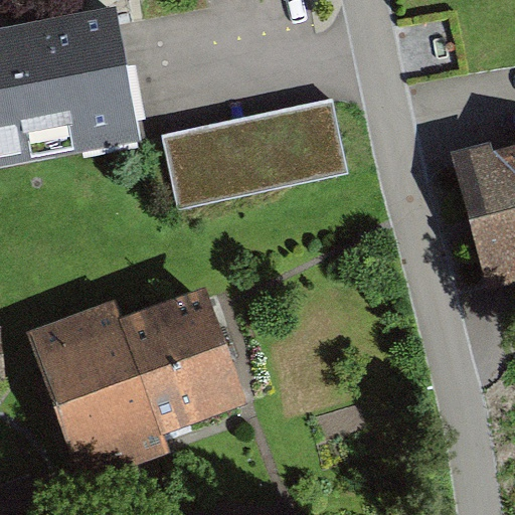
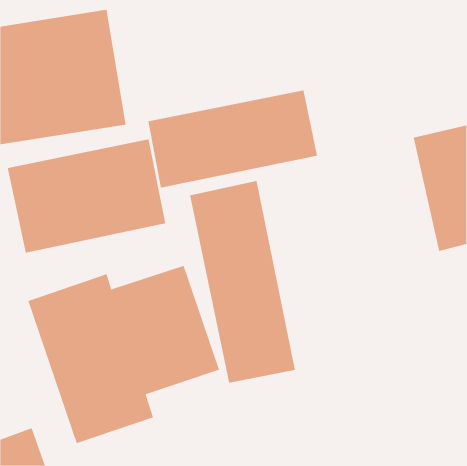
building: none -> [7,139,166,253]
building: none -> [190,180,295,384]

